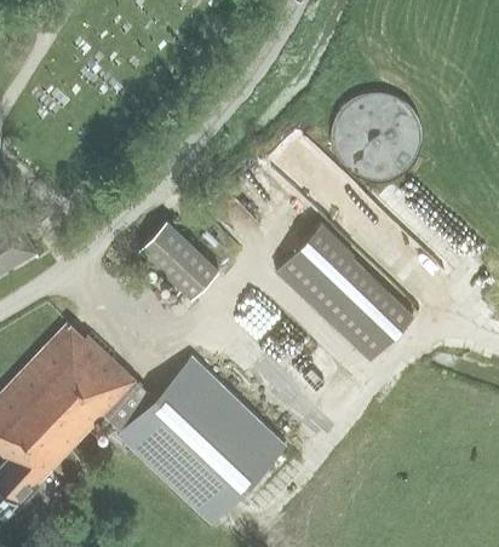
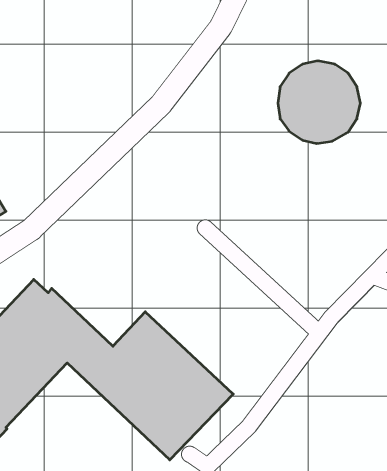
building: [138,221,218,300] -> none
building: [275,225,412,359] -> none

